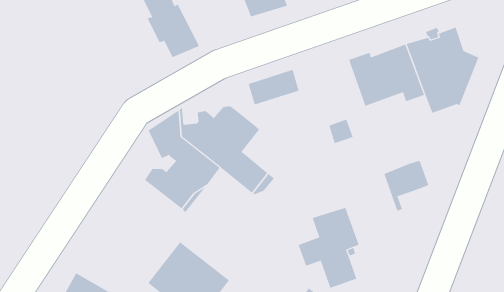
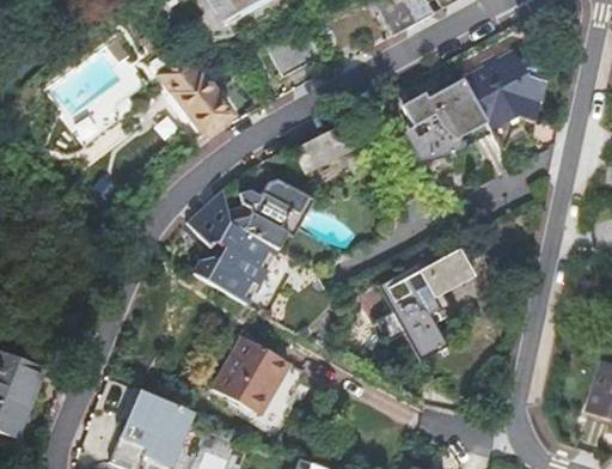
building: [383,160,429,211] -> [421,248,473,309]

